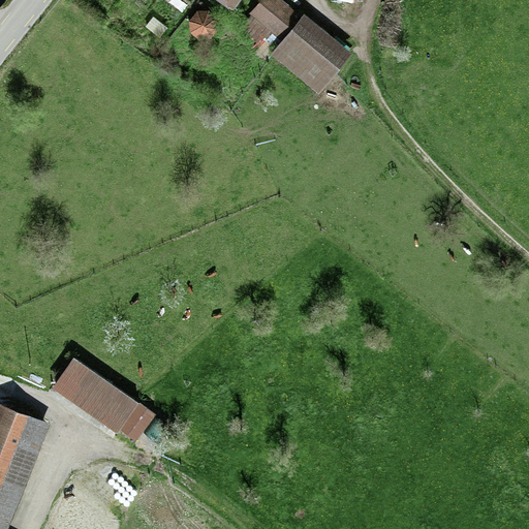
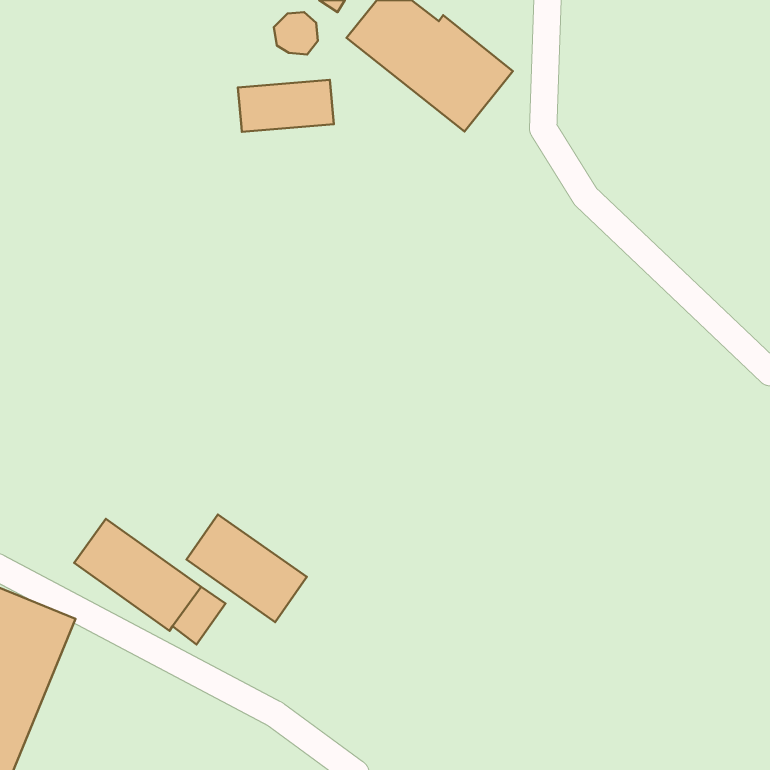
building: none -> [238,80,334,132]
building: none -> [186,514,307,622]

